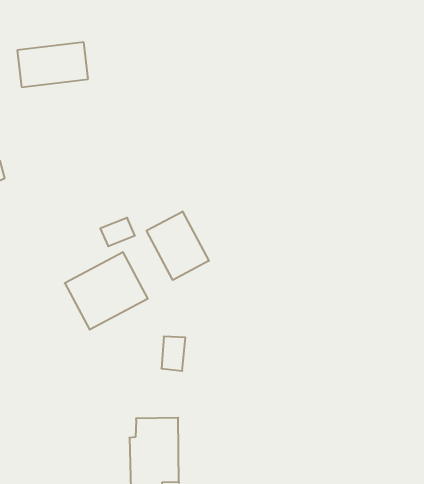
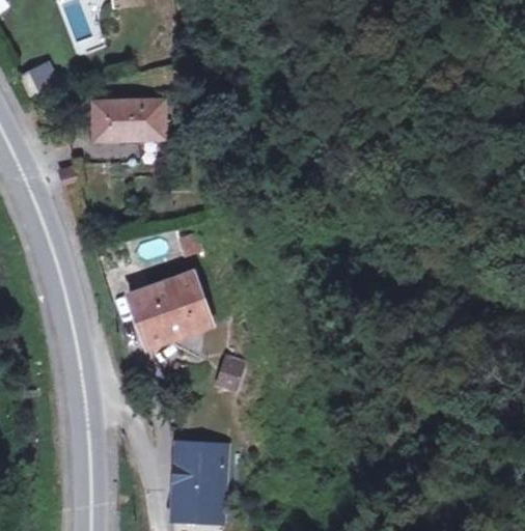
building: [17,42,88,87] -> [92,103,161,142]
building: [147,211,209,280] -> none

